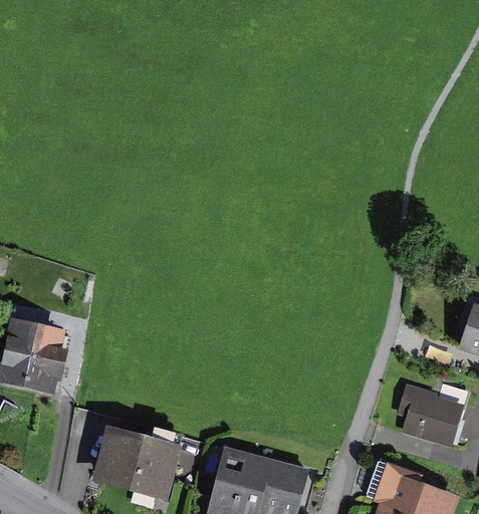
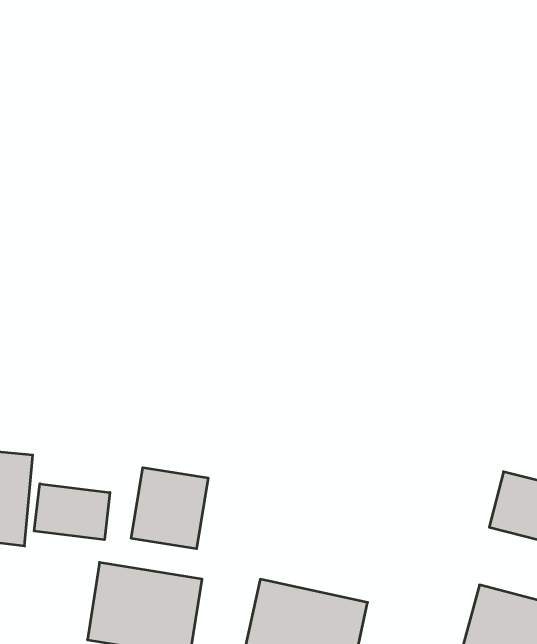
building: none -> [131,468,208,549]
building: none -> [34,484,110,540]

